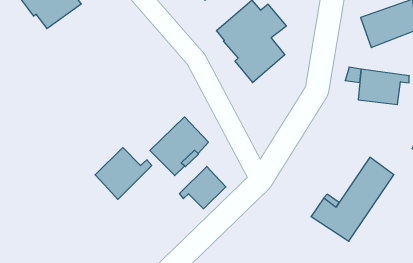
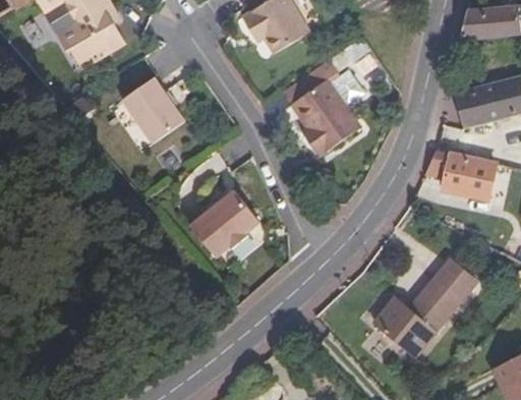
building: none -> [122,77,185,144]
building: [95,148,152,199] -> none
building: [180,166,226,209] -> none

